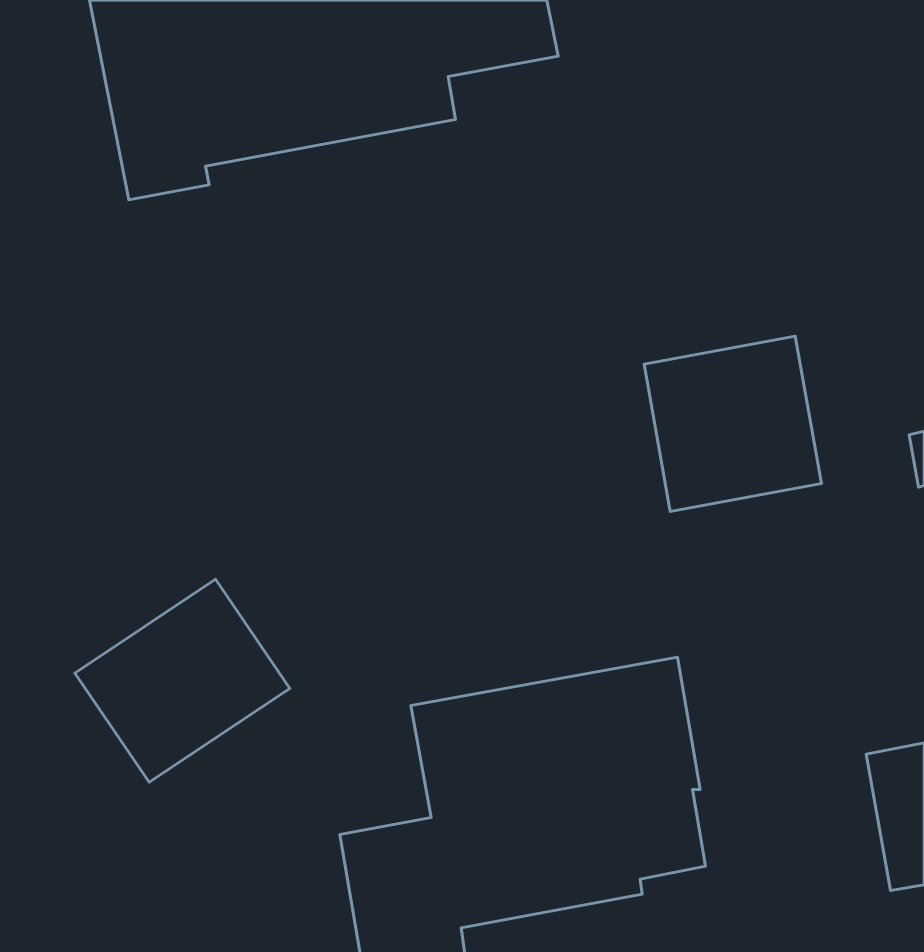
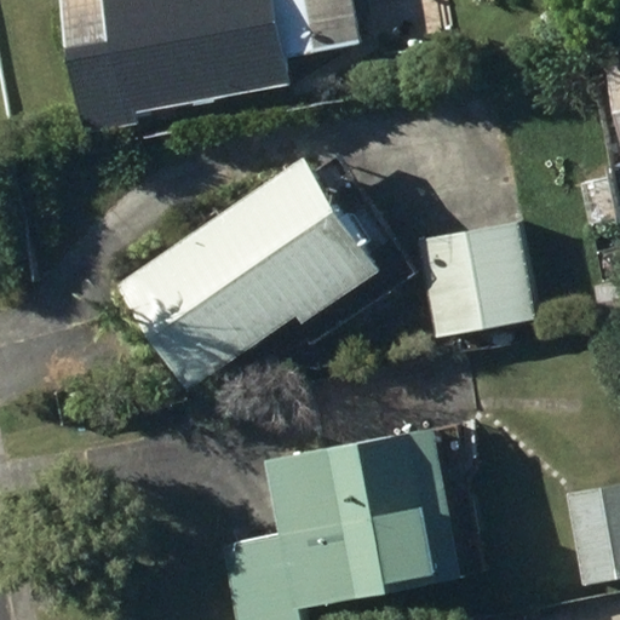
building: none -> [125,155,391,385]
building: [75,579,290,782] -> none

